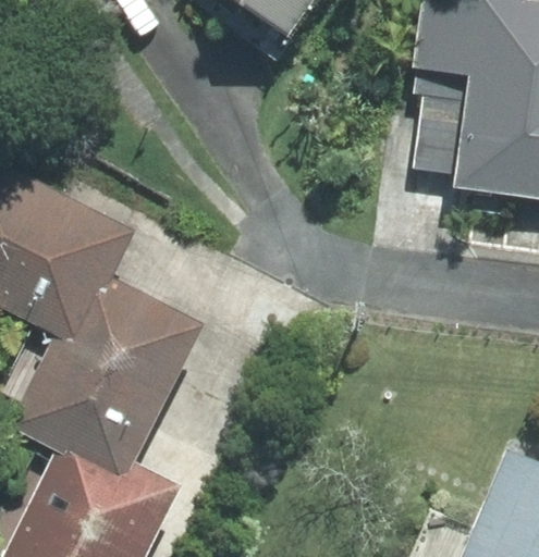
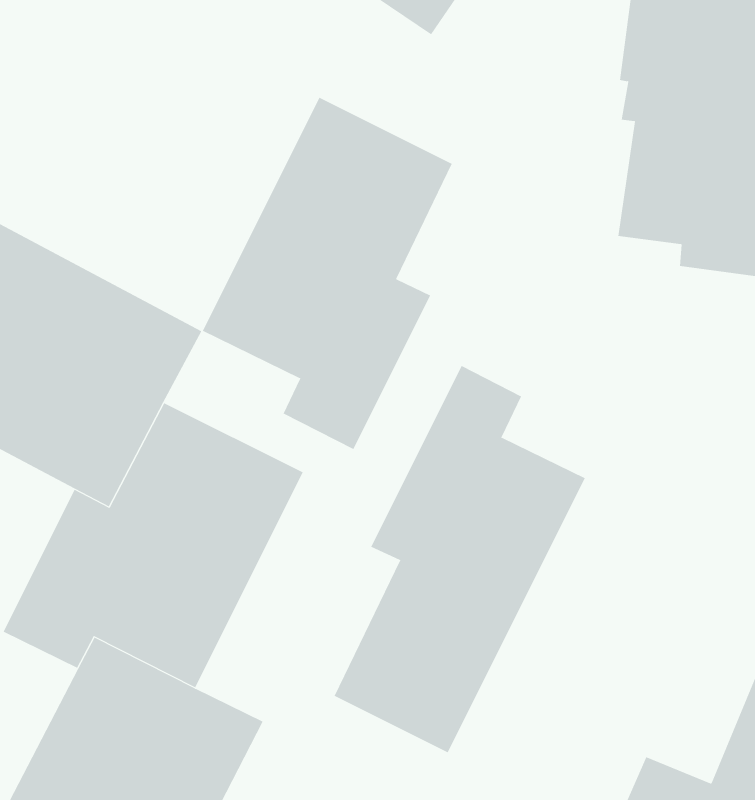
building: none -> [202,97,452,450]
building: none -> [334,365,586,753]

